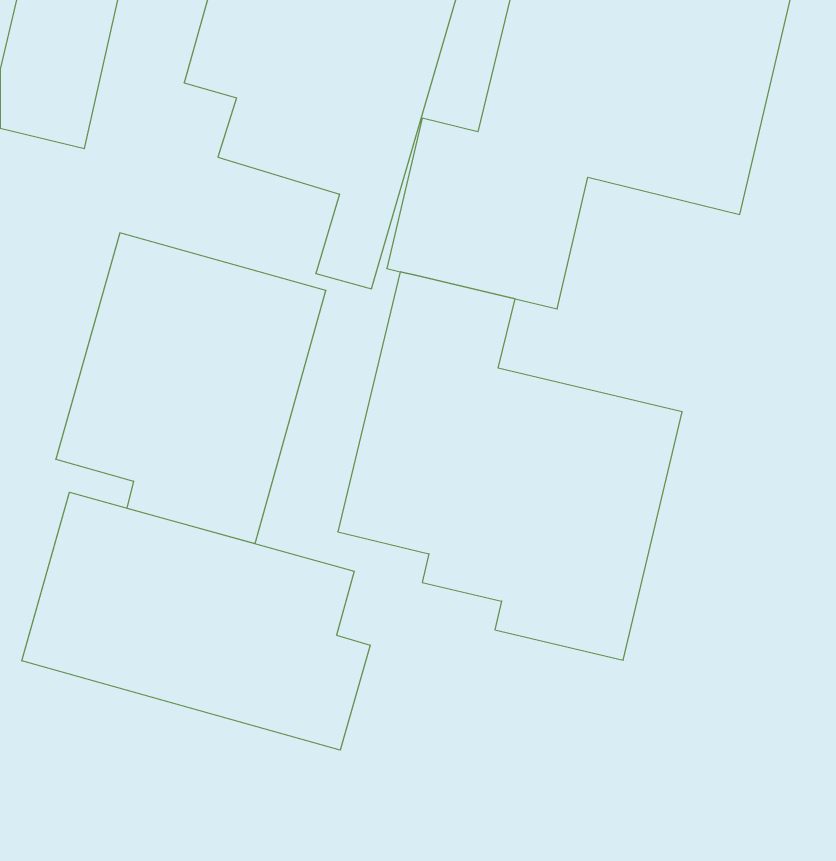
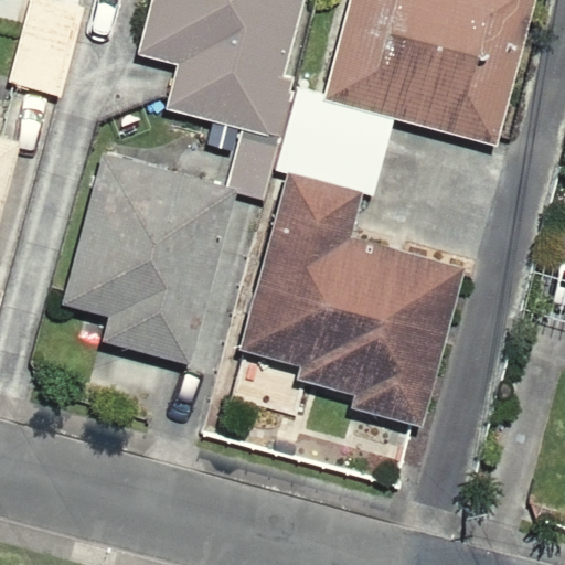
building: [22,492,370,750] -> none

